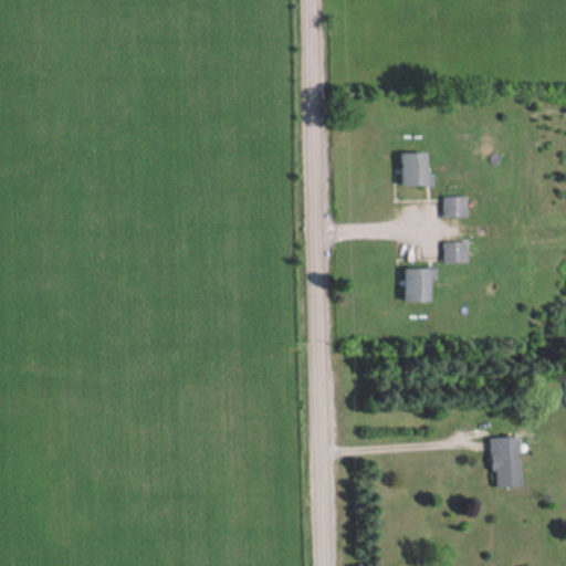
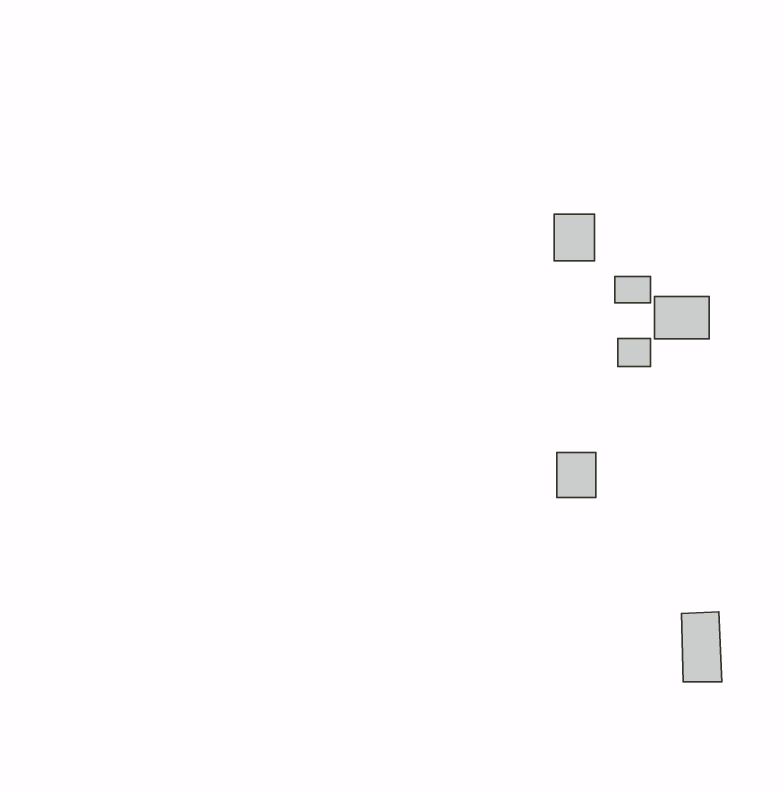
building: none -> [654,297,709,339]
building: [405,268,432,300] -> [557,452,596,498]

